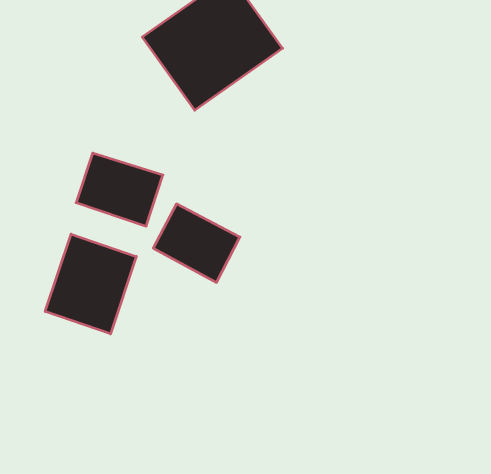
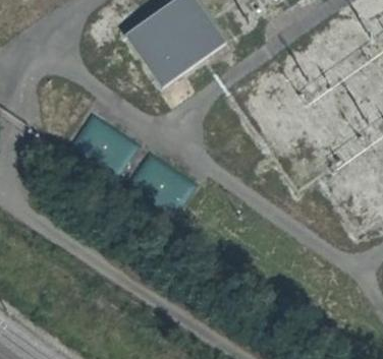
building: [45,234,136,334] -> none

